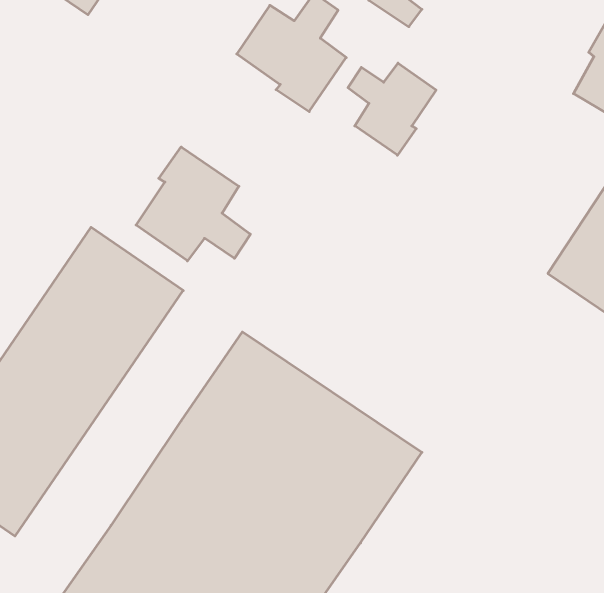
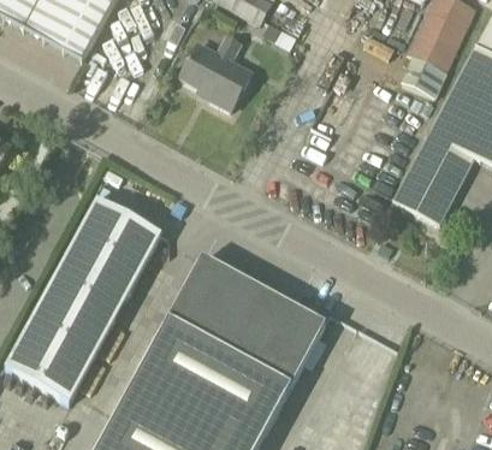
building: [348,63,436,155] -> none
building: [136,147,250,261] -> none

